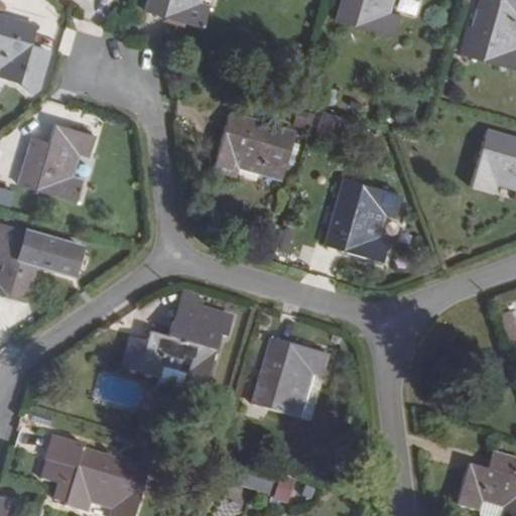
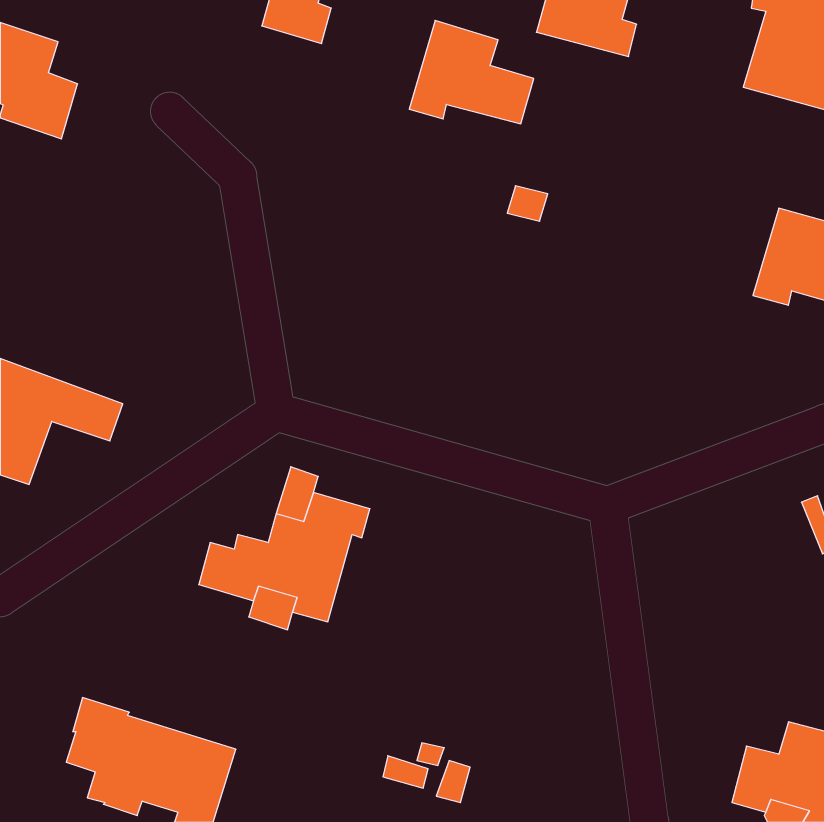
building: [214,113,291,177] -> [409,20,534,124]
building: [19,123,93,200] -> none
building: [326,178,400,260] -> none
building: [254,340,327,414] -> none

